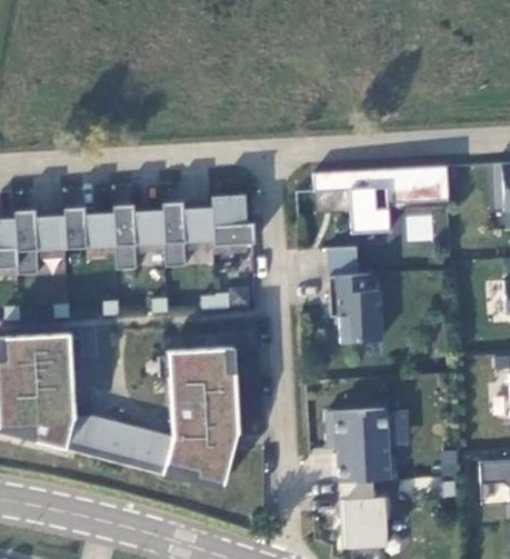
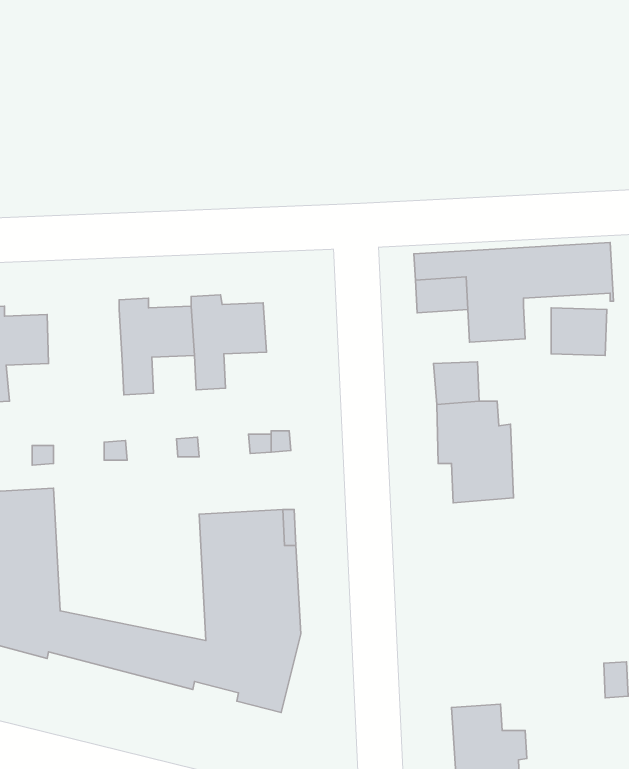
building: [212,194,254,246] -> none
building: [64,207,117,249] -> none
building: [328,409,396,482] -> none

